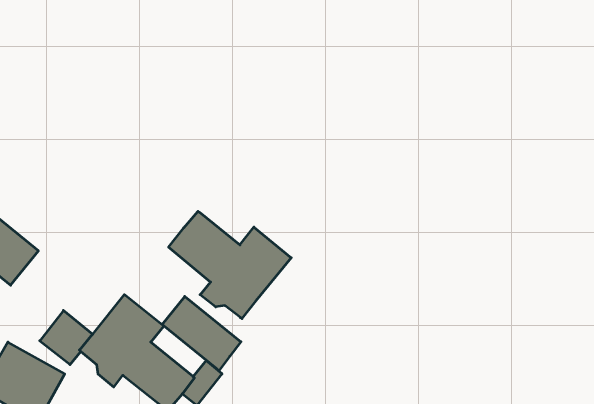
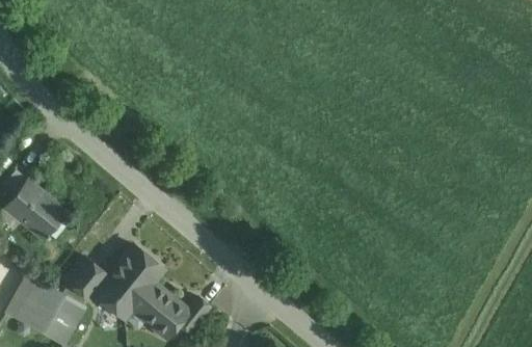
building: [169,211,291,319] -> none
building: [162,296,241,371] -> none

